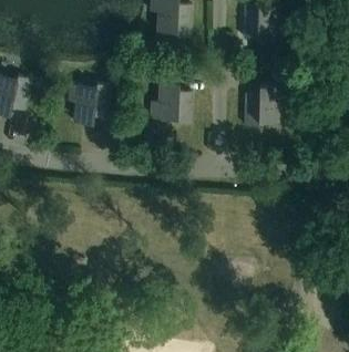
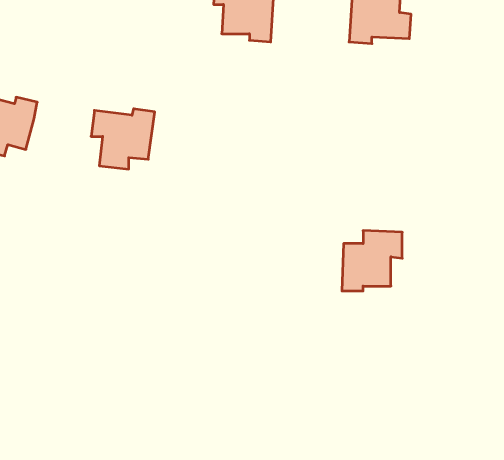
building: [151,82,192,124] -> none
building: [245,85,286,126] -> [342,231,402,291]

